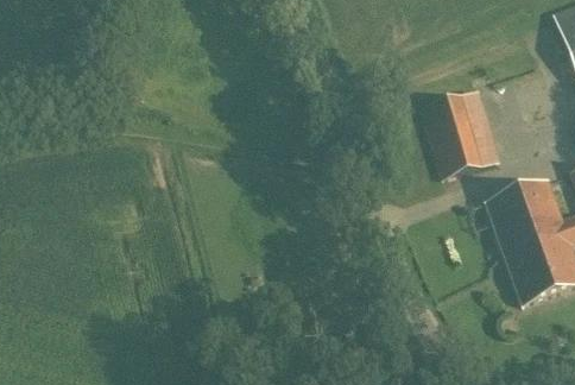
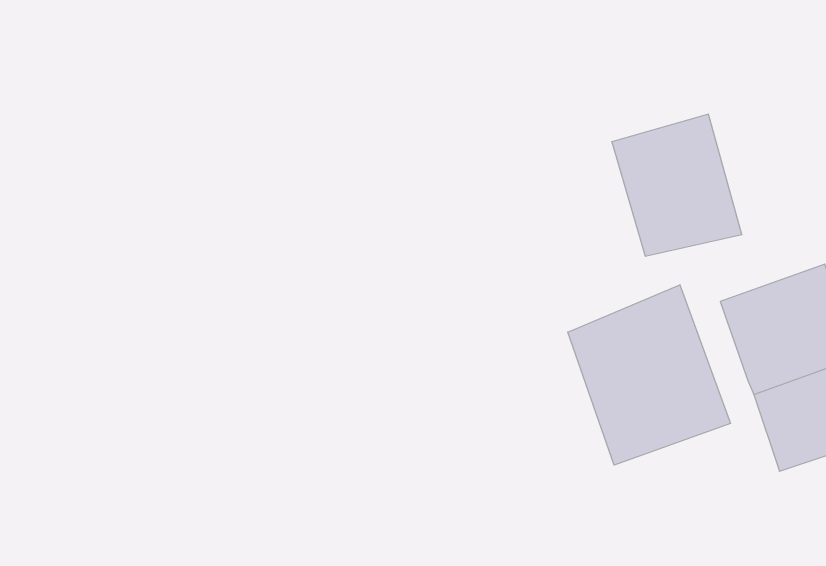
building: none -> [568,285,731,465]

